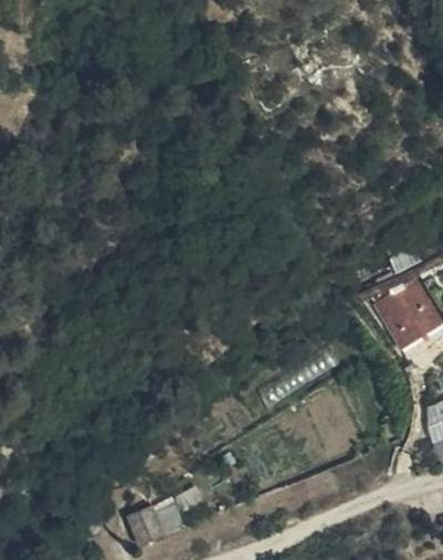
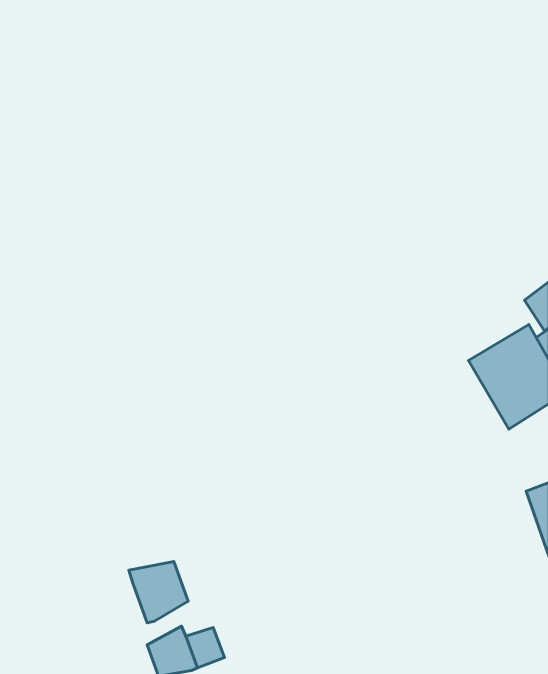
building: none -> [129,561,188,623]

